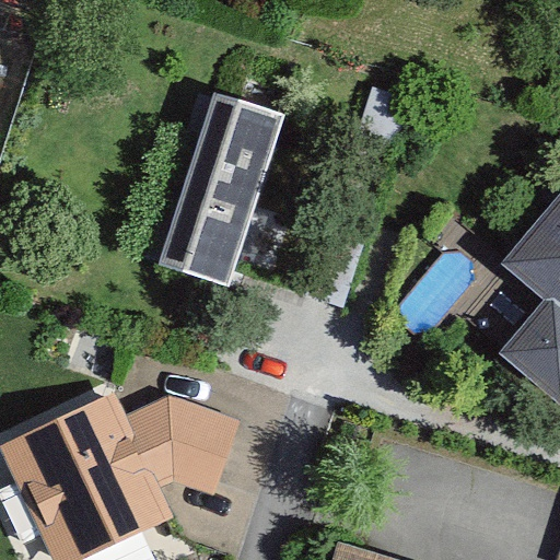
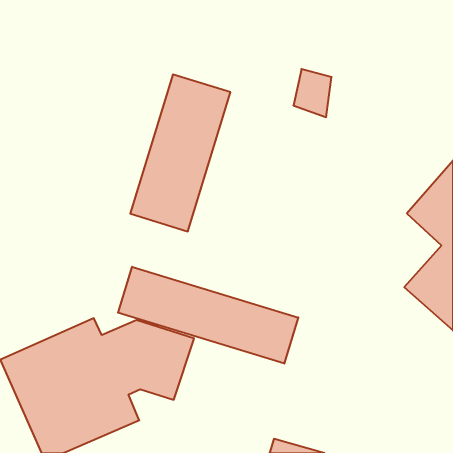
building: none -> [118,267,298,364]

